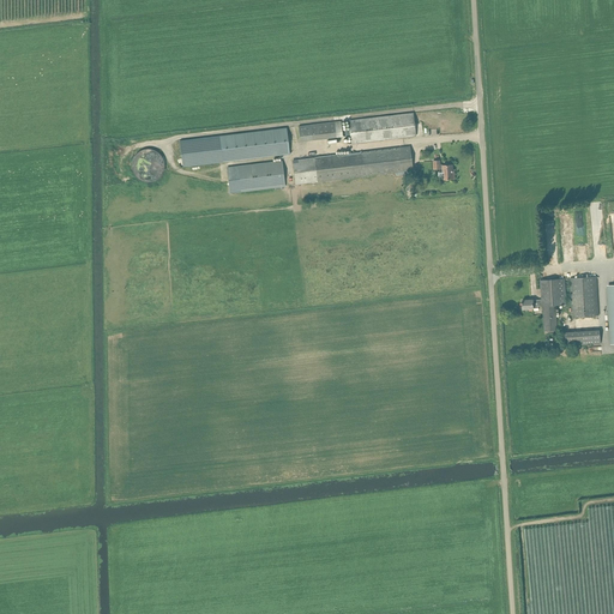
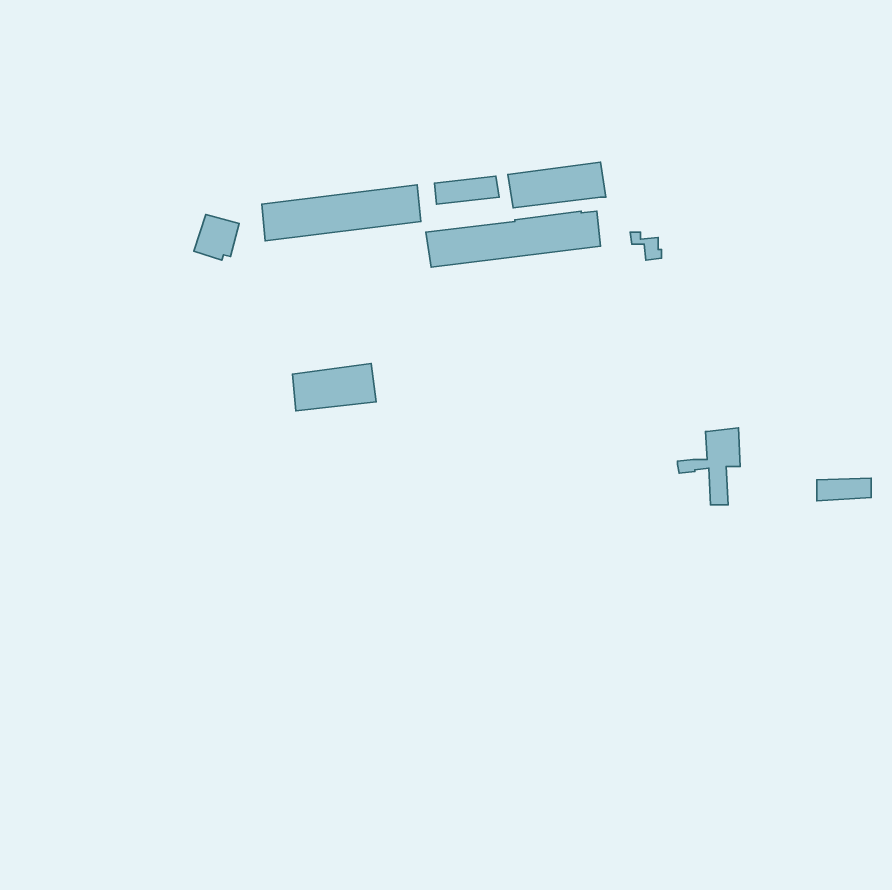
building: [227,159,284,192] -> [292,364,376,411]
building: [570,276,598,315] -> none
building: [522,277,565,330] -> [677,428,740,505]

